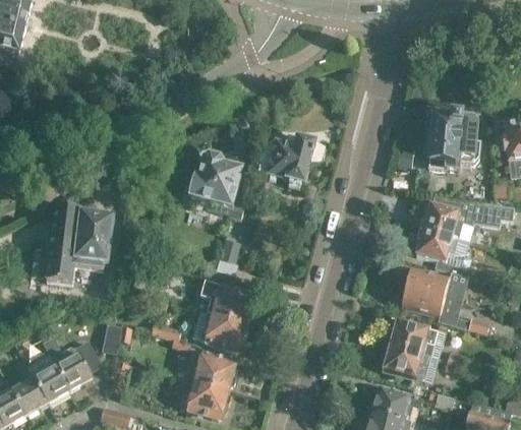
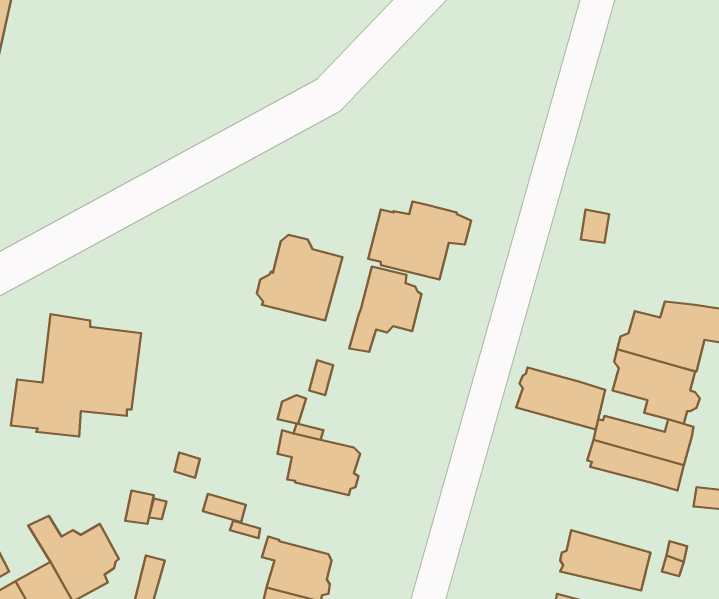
building: [427,108,479,169] -> none
building: none -> [349,267,421,352]
building: [192,311,247,351] -> none
building: [389,319,446,359] -> [516,368,605,430]

